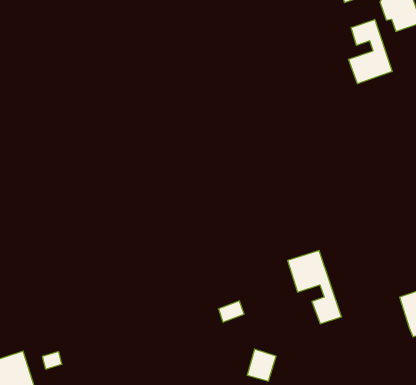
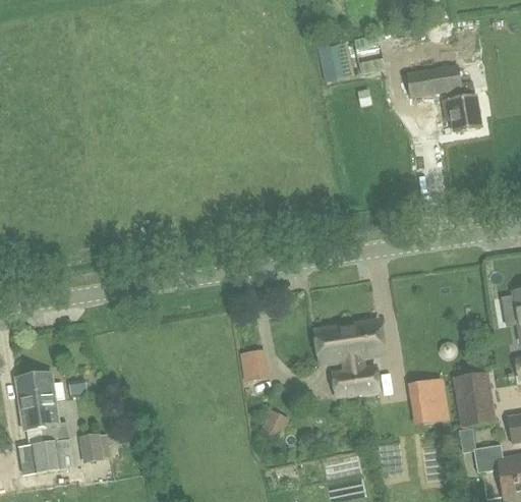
building: [348,19,392,84] -> none
building: none -> [346,320,382,391]

